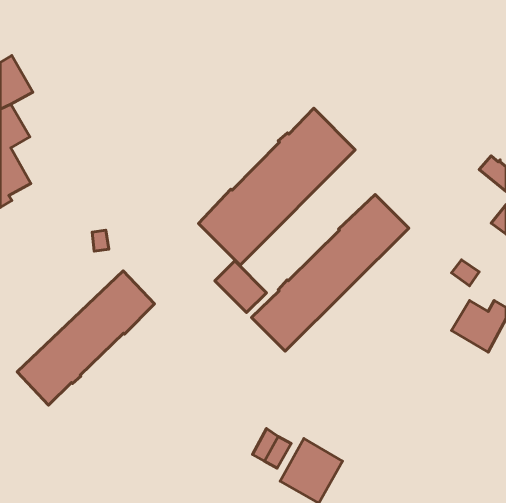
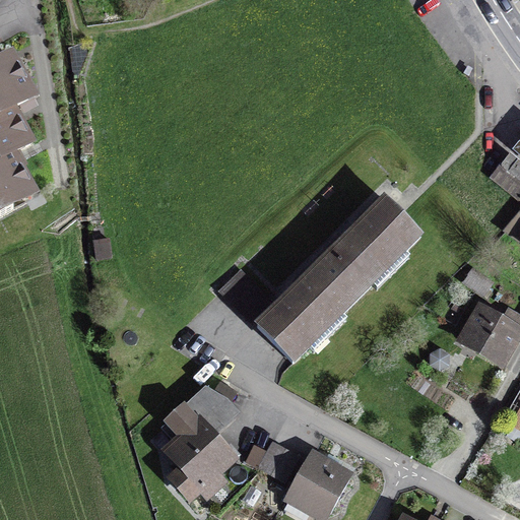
building: [199,108,355,265] -> none
building: [17,271,154,405] -> none
building: none -> [162,385,235,498]

